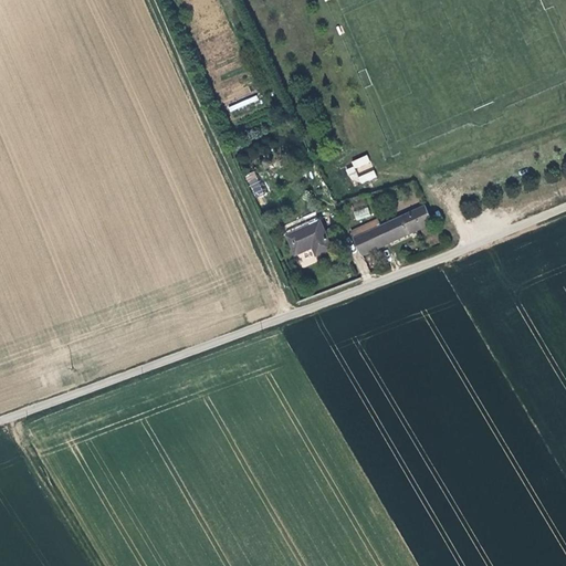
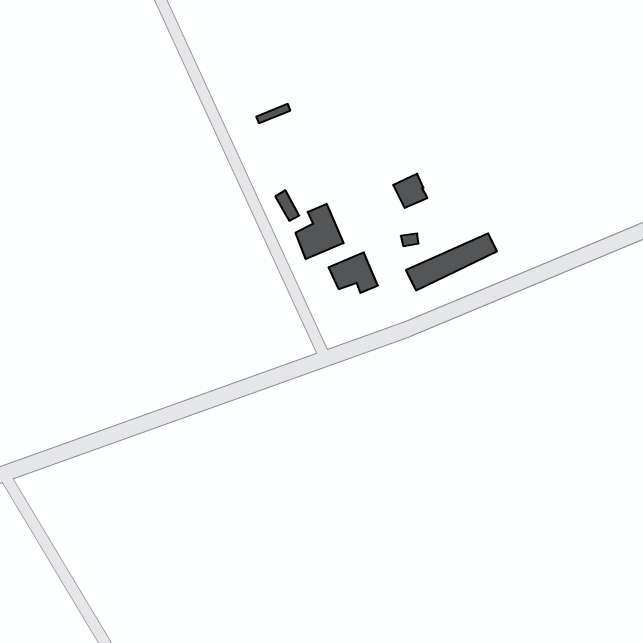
building: none -> [296,204,344,259]

